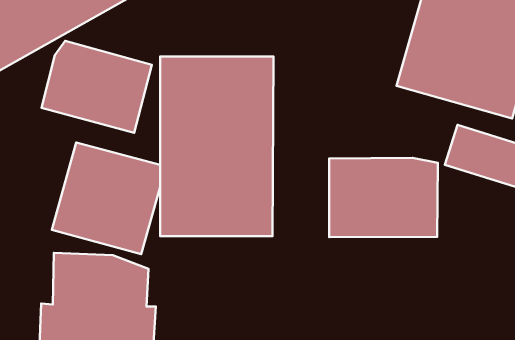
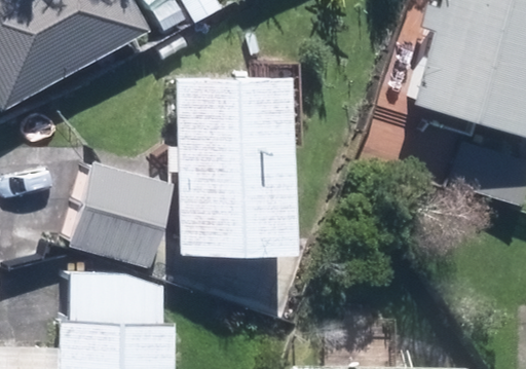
building: [41,41,152,133] -> none
building: [329,158,438,237] -> none

